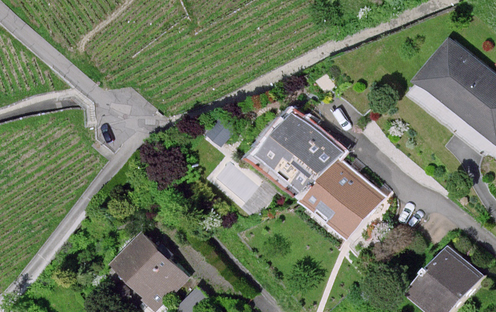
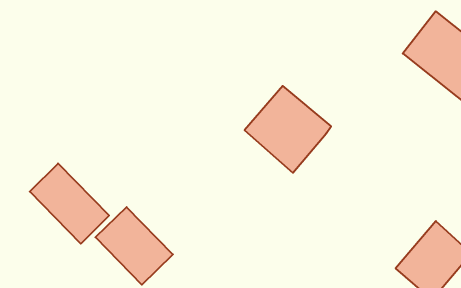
building: [302,158,382,238] -> none
building: none -> [30,163,109,244]

